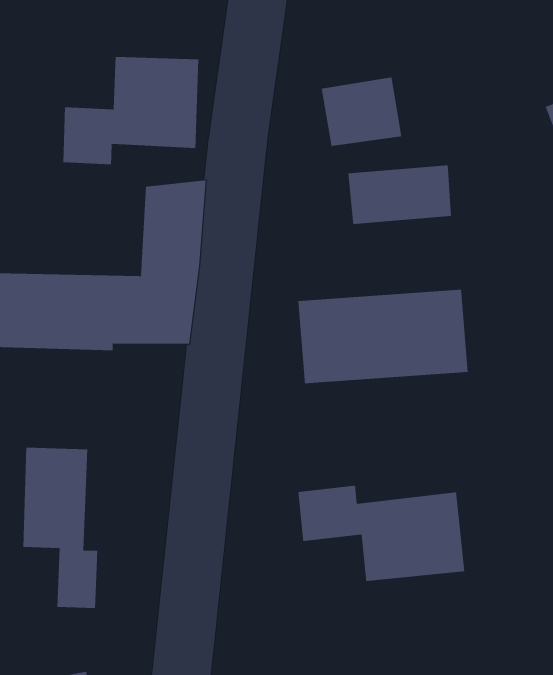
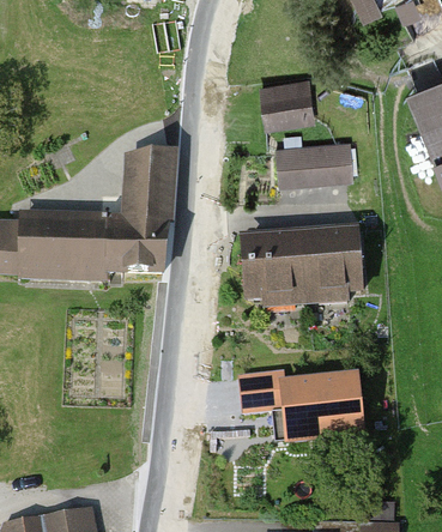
building: [63,56,199,165] -> none
building: [23,447,98,609] -> none

